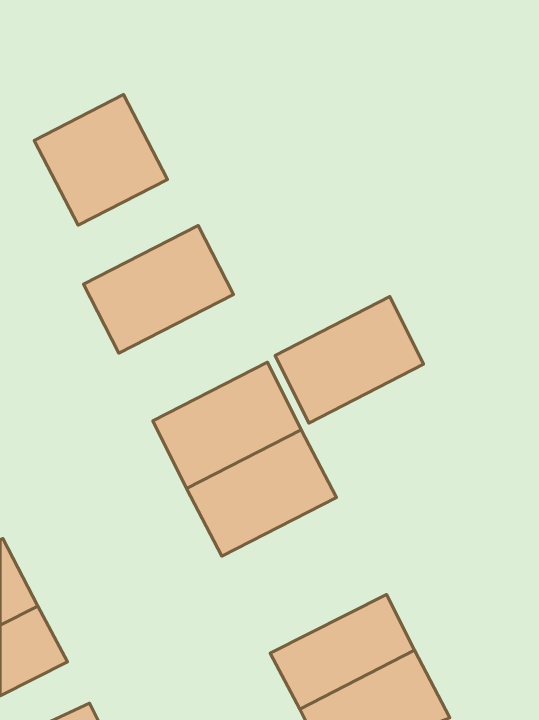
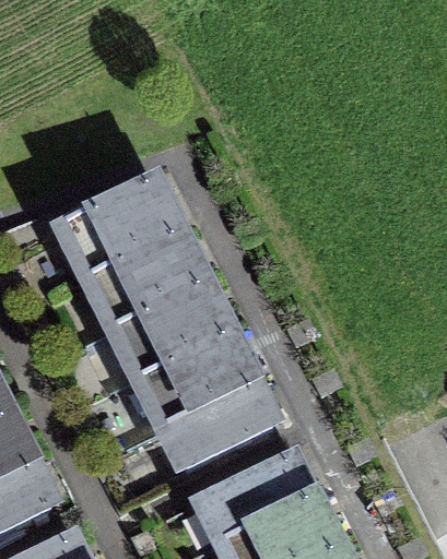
building: [34,95,168,225] -> none
building: [275,297,424,423] -> [99,228,210,322]
building: none -> [176,379,282,464]

